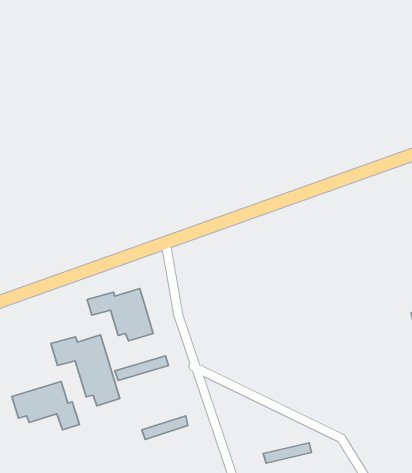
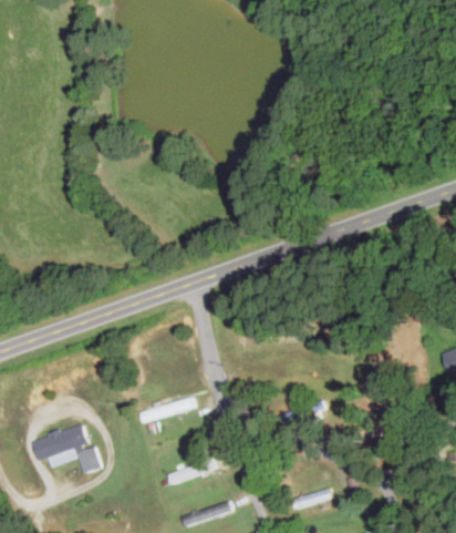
building: [87,289,153,341] -> none
building: [51,335,120,406] -> none

